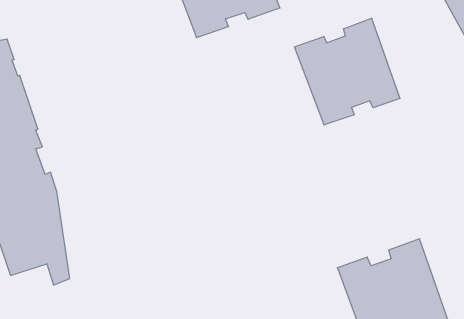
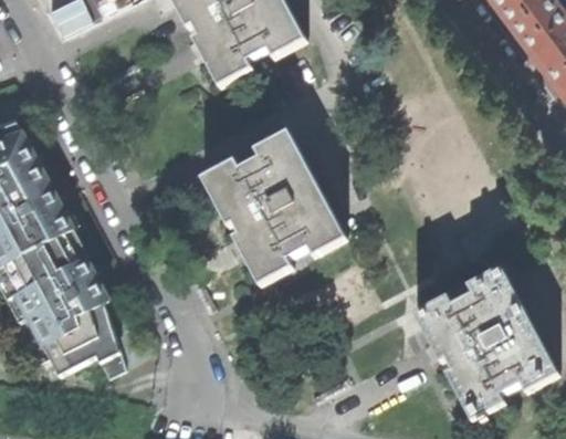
building: [294,18,400,125] -> none
building: none -> [203,132,347,285]

